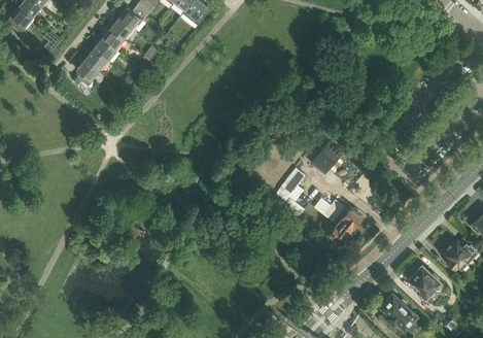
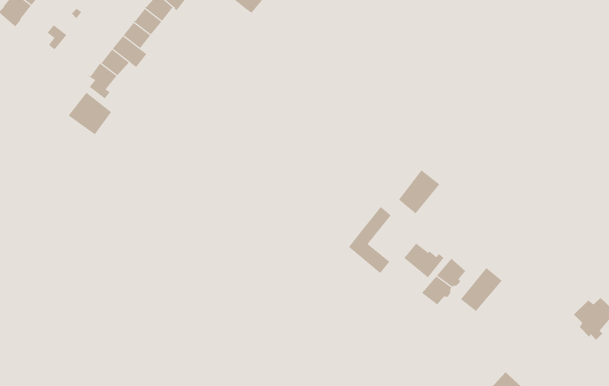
building: none -> [68,92,112,135]
building: none -> [460,267,502,312]
building: [409,268,438,298] -> none

